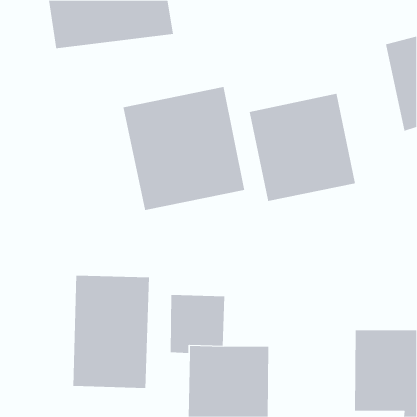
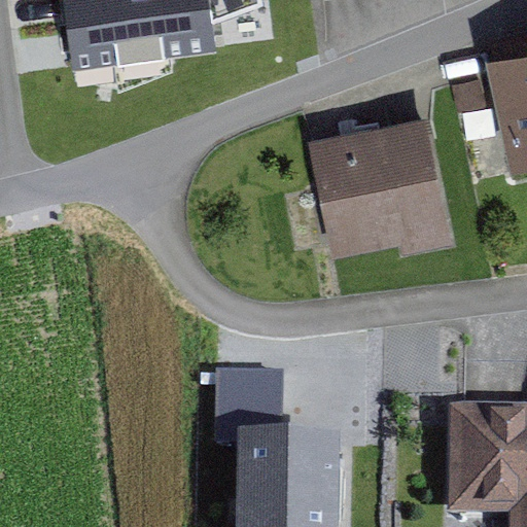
building: [123,86,245,211] -> none
building: [73,275,149,389] -> none

